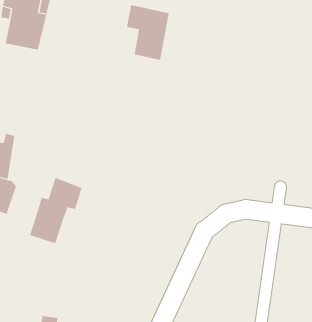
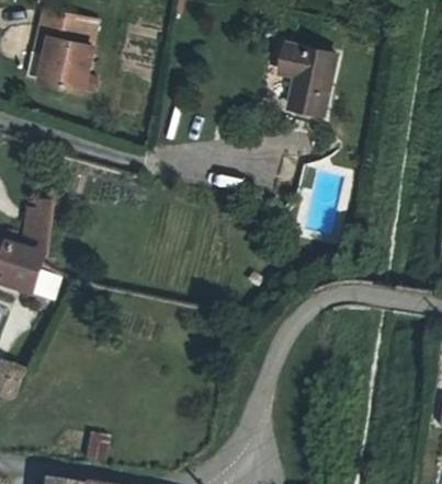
building: [126,5,169,61] -> [277,45,332,116]
building: [29,177,82,244] -> none

